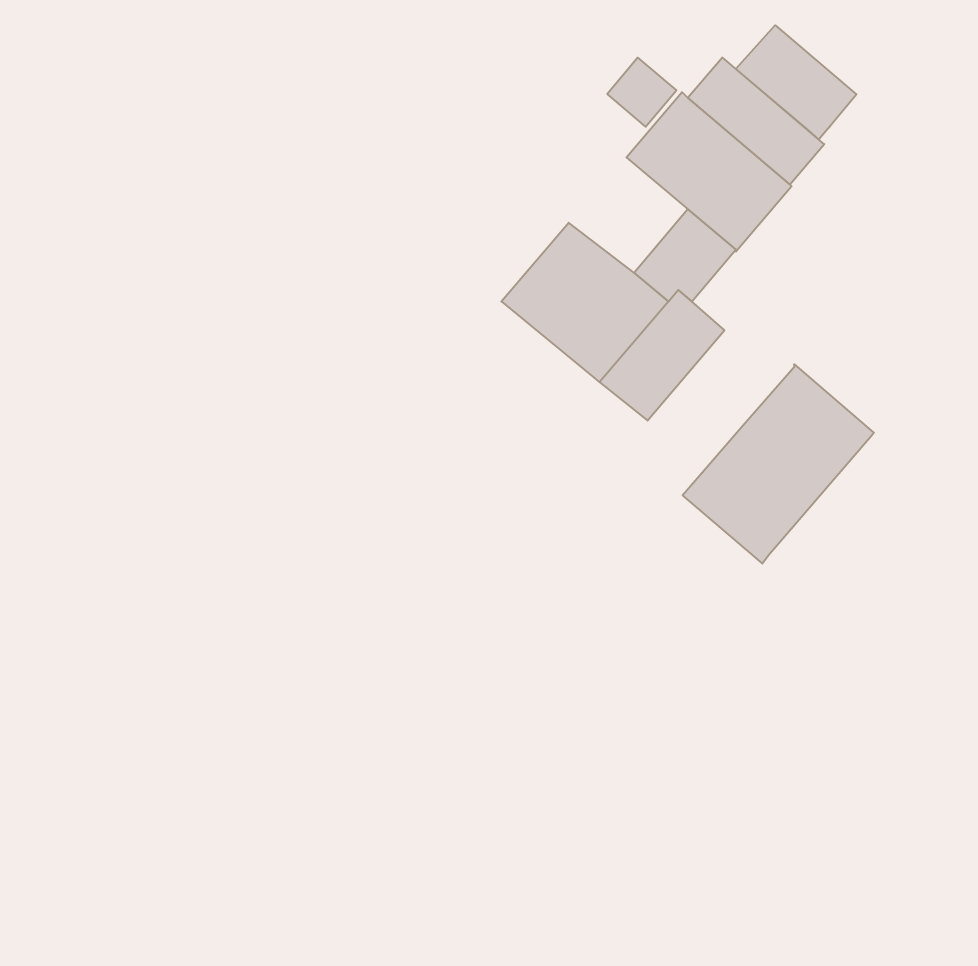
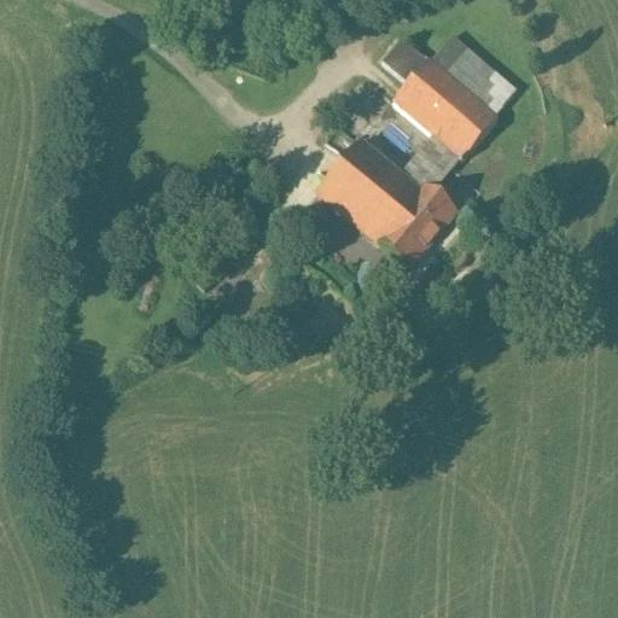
building: [736,25,856,139] -> none
building: [683,364,874,564] -> none

